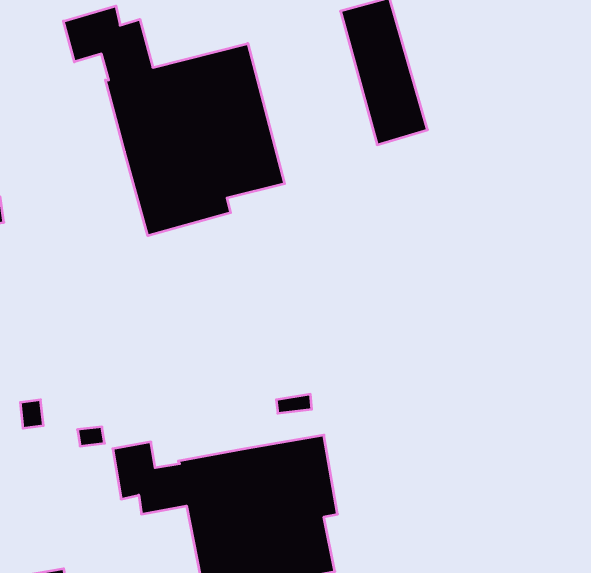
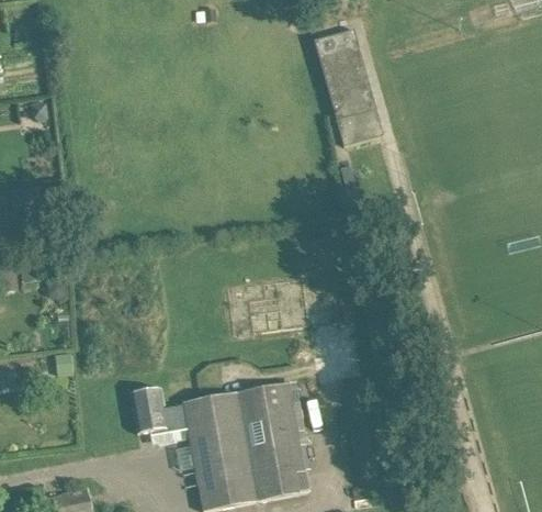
building: [63,6,285,236] -> none

